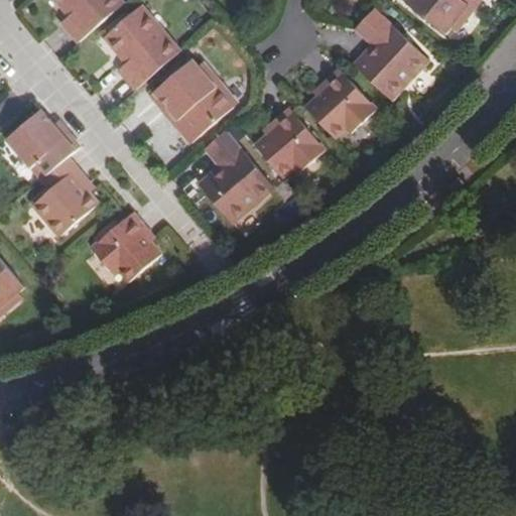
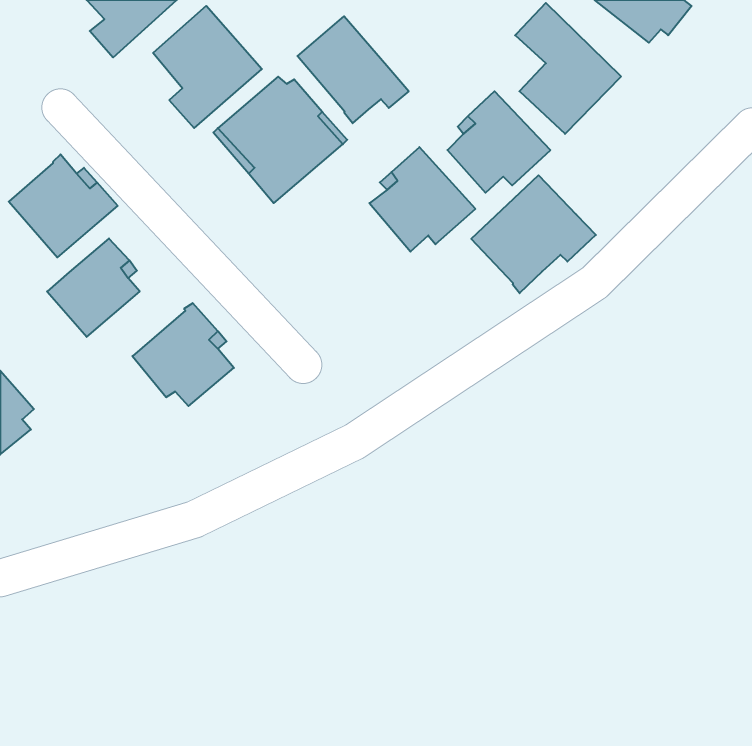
building: none -> [297,16,409,123]
building: none -> [471,175,596,293]
building: [200,131,272,223] -> none

